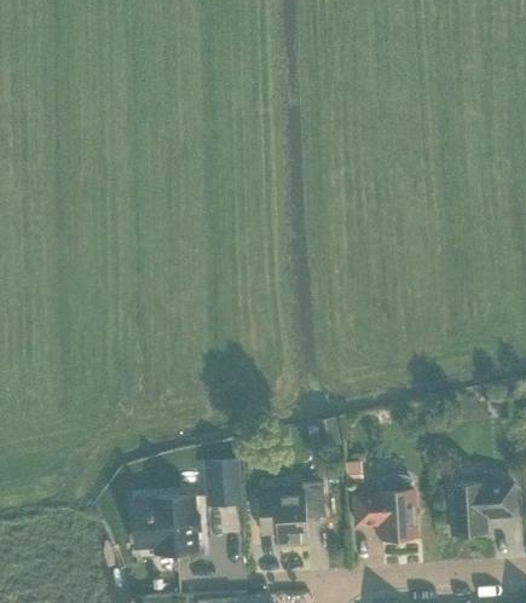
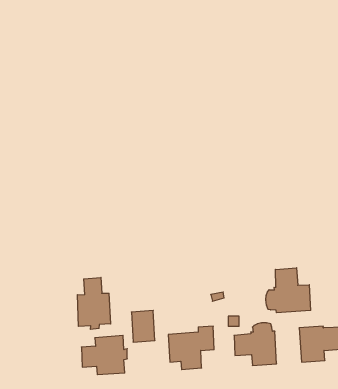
building: none -> [266,268,311,313]
building: none -> [77,277,111,329]

